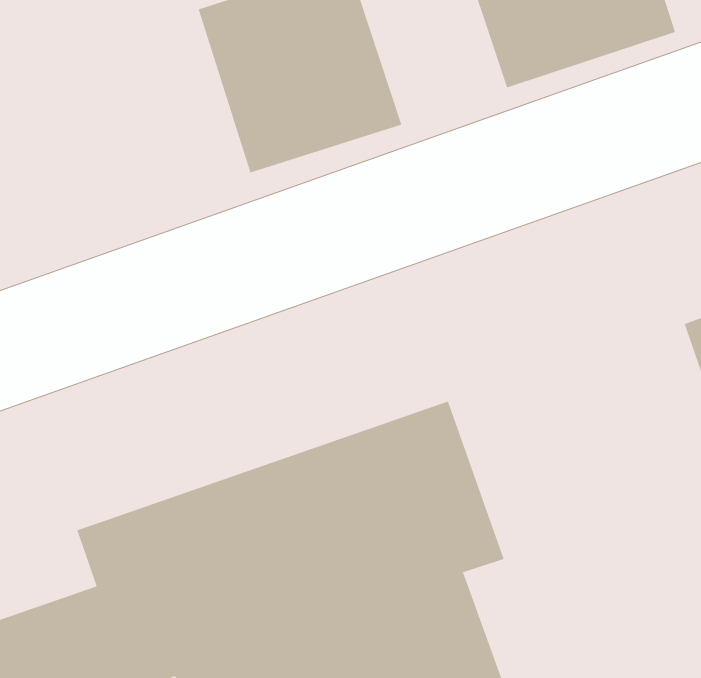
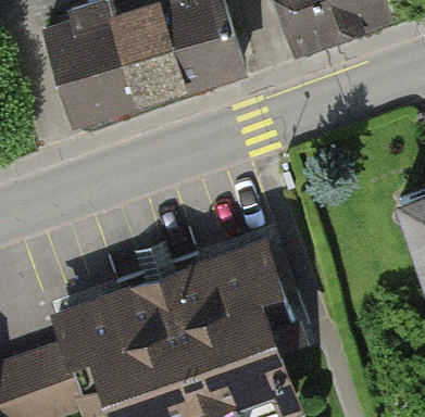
building: none -> [38,15,152,136]

